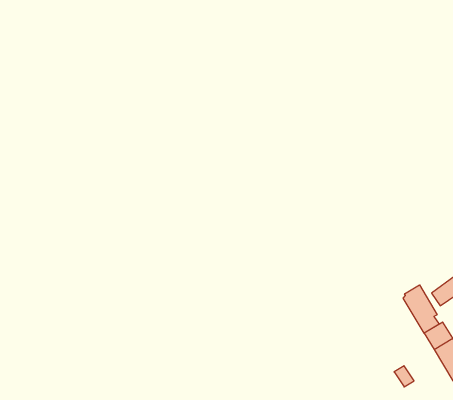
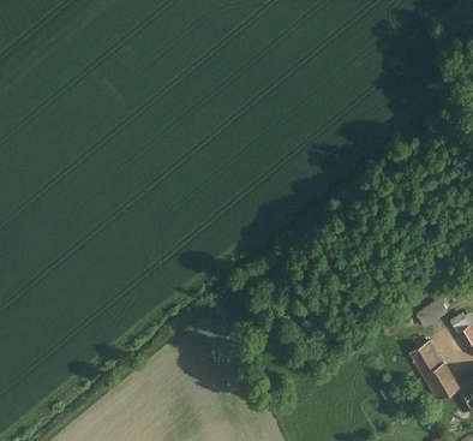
building: [403,285,439,333] -> none

